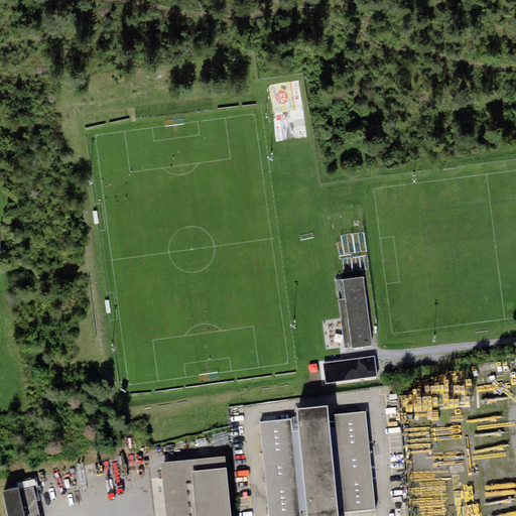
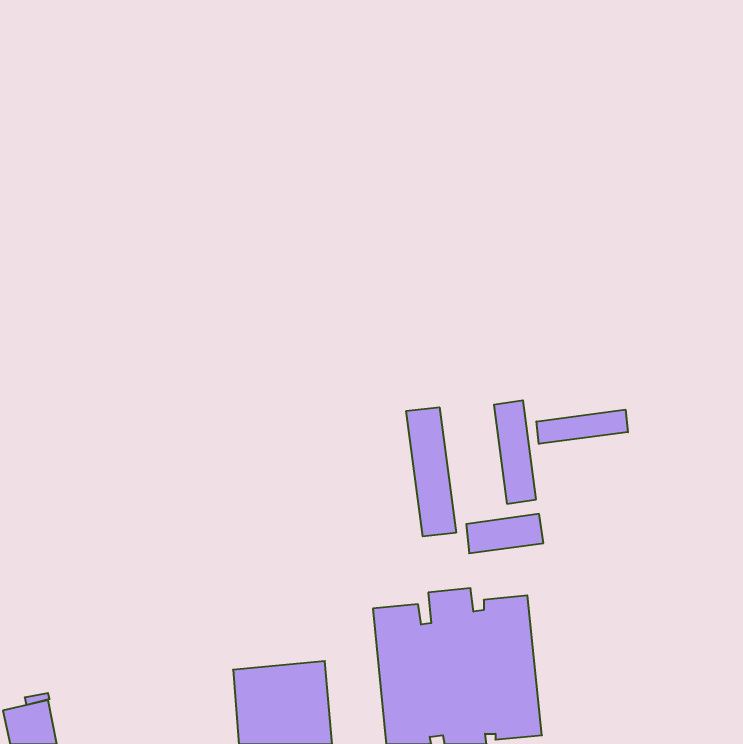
building: none -> [406,407,456,536]
building: none -> [536,410,628,444]

